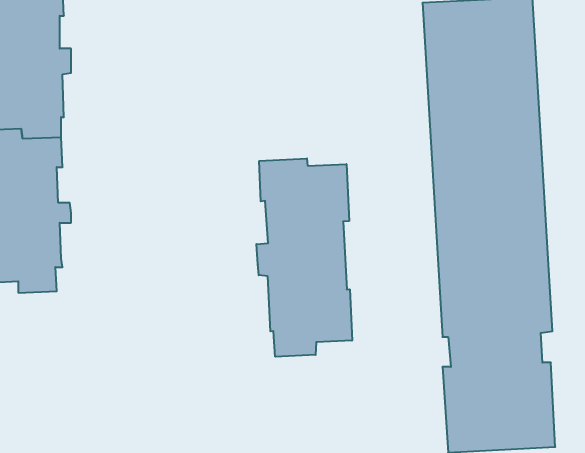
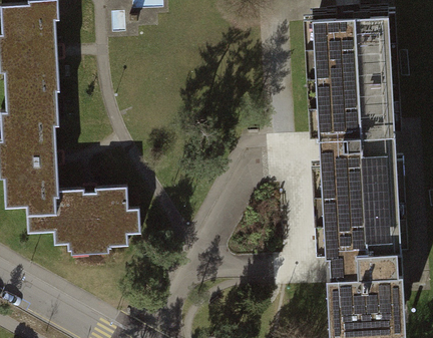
building: [256,158,352,357] -> none
building: none -> [27,187,140,254]

